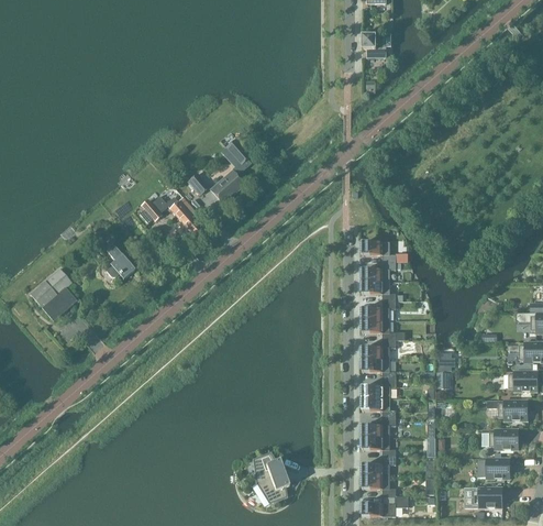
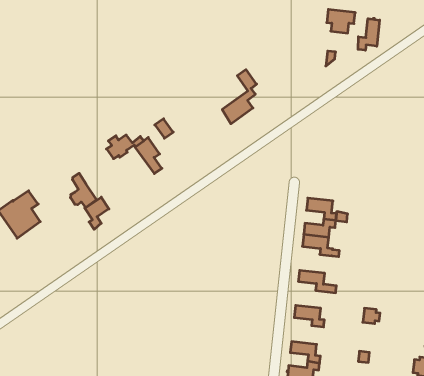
building: none -> [358,18,380,50]
building: [211,142,245,202] -> [222,70,257,124]
building: none -> [85,197,109,229]
building: [363,300,396,320] -> none
building: [363,340,396,359] -> none
building: [363,379,396,398] -> none

